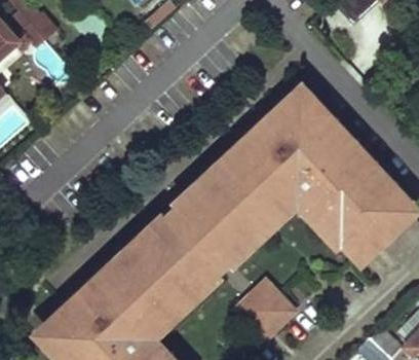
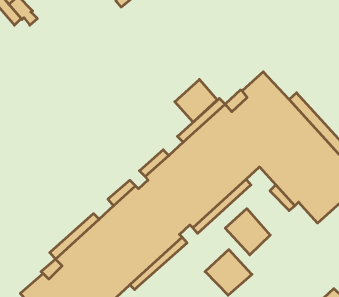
building: none -> [175,79,217,122]
building: none -> [225,209,270,255]

